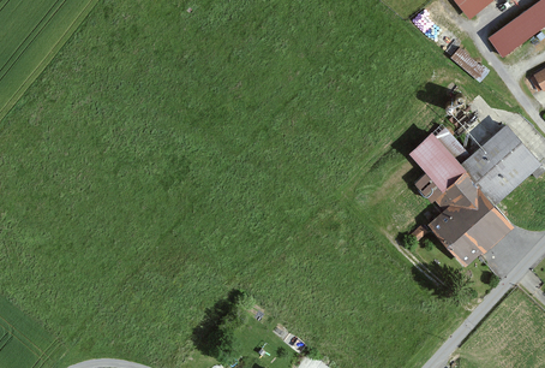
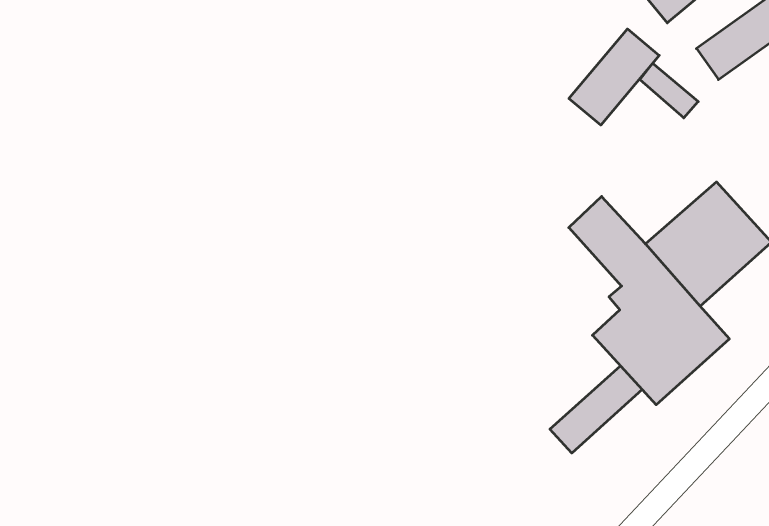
building: none -> [569,29,659,125]
building: none -> [550,366,642,453]

